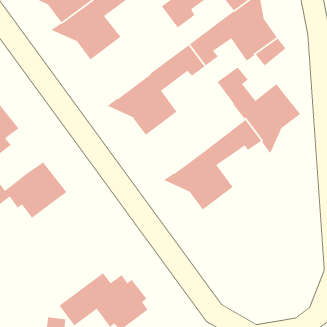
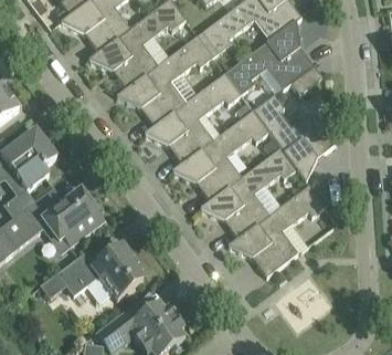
building: none -> [116,35,214,127]
building: none -> [172,111,269,201]
building: none -> [229,181,326,276]
building: none -> [57,243,145,304]

